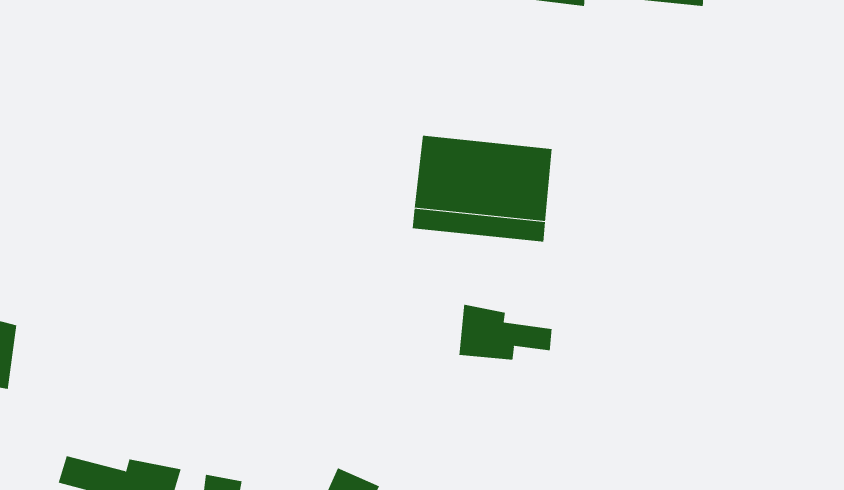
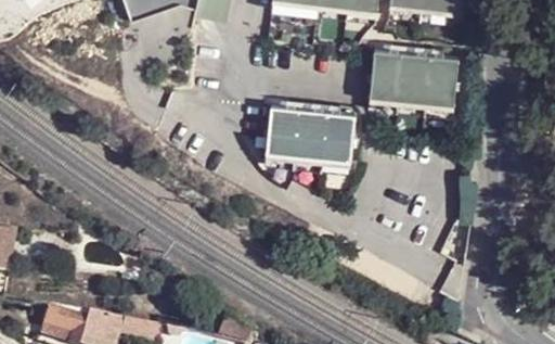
building: none -> [362,40,454,99]
building: [459,304,552,360] -> none

